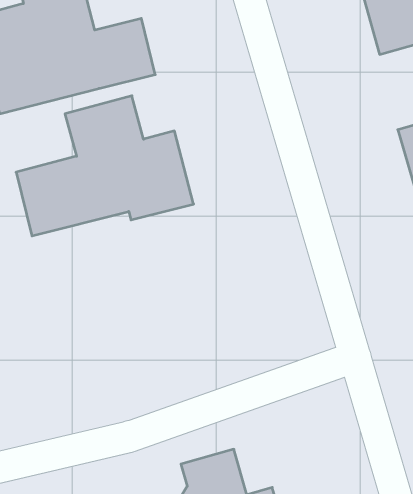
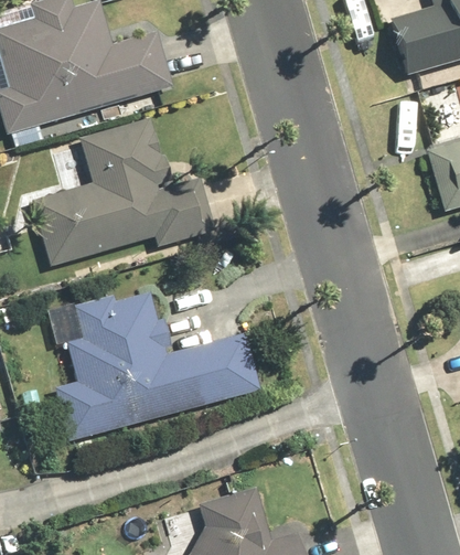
building: none -> [56,289,261,436]

